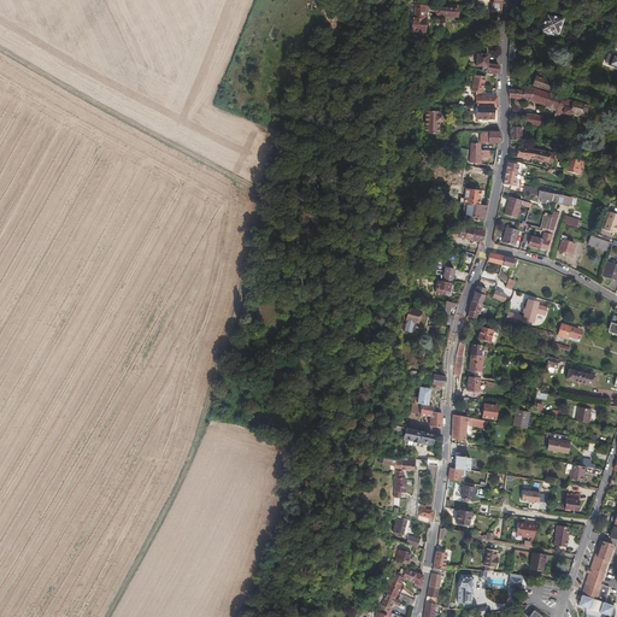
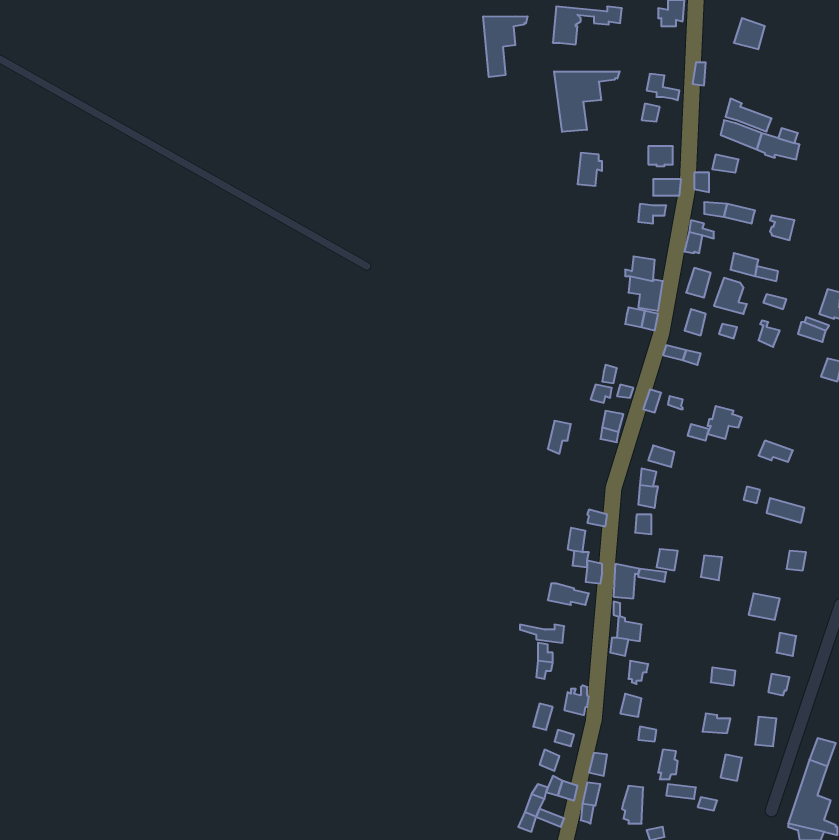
building: none -> [483,16,528,77]
building: none -> [554,71,620,132]

